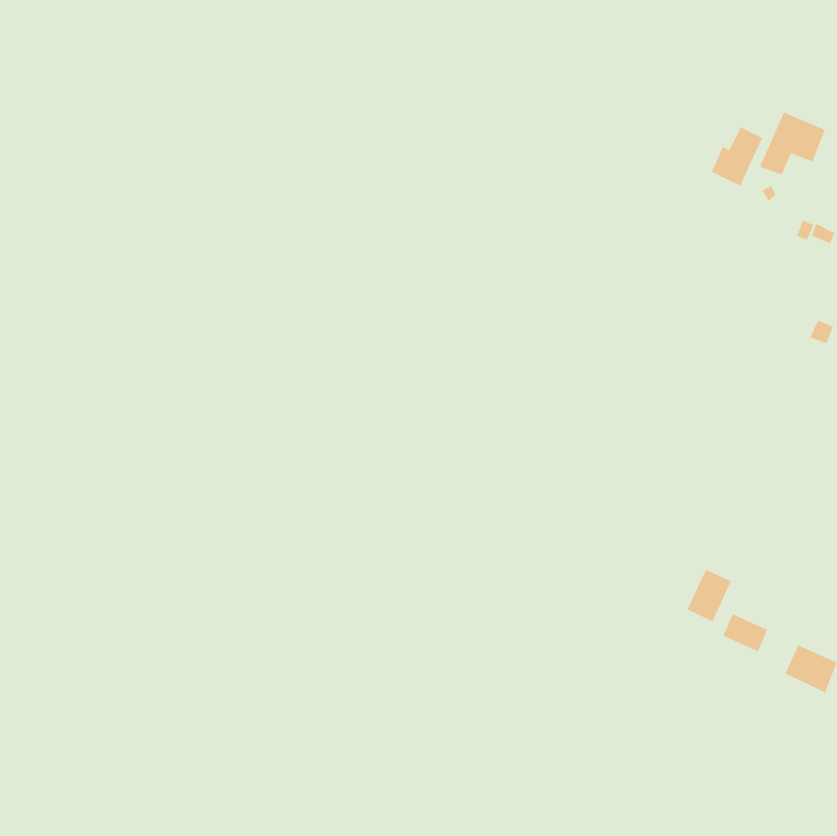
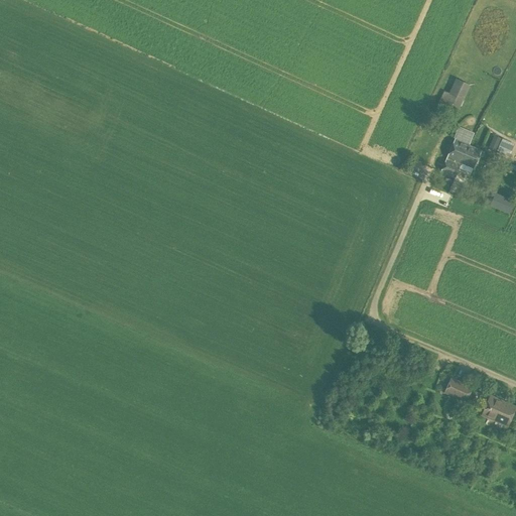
building: [759,112,826,175] -> [440,137,482,176]
building: [687,568,732,622] -> none

